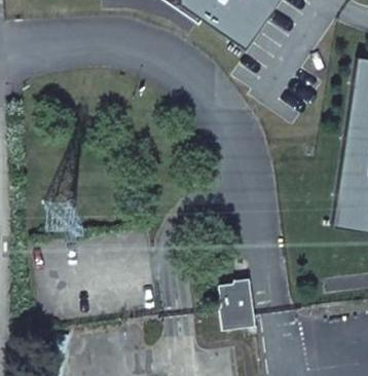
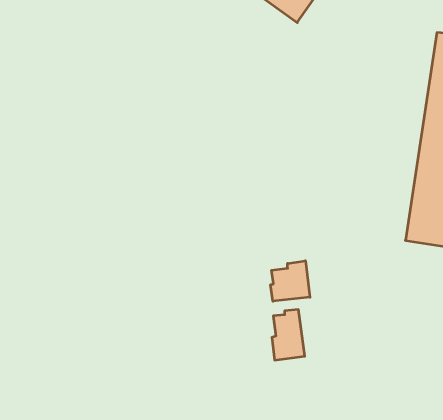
building: none -> [271,261,310,301]

